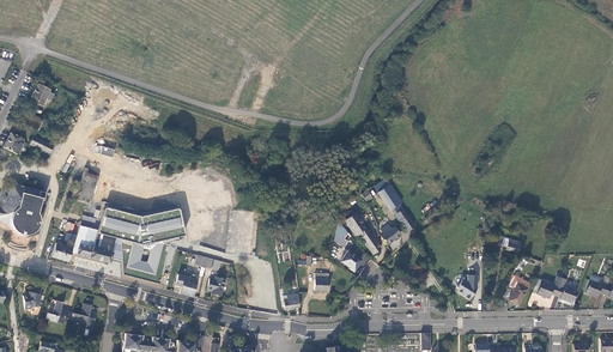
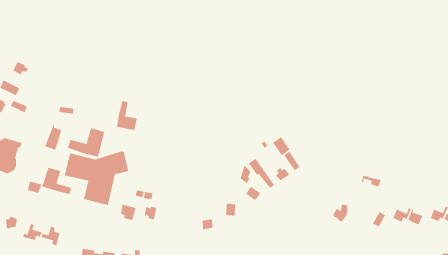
building: none -> [116,100,138,131]
building: none -> [67,127,105,157]

